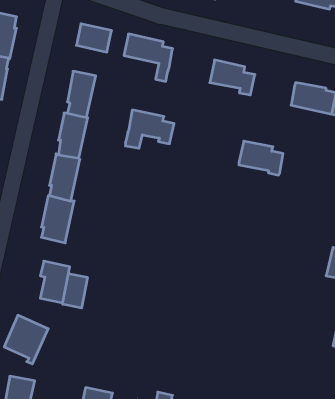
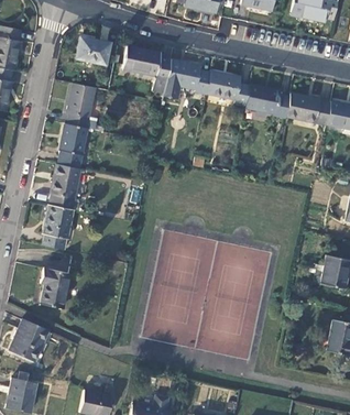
building: [125,110,174,148] -> [165,59,212,97]
building: [239,141,283,175] -> [248,84,291,117]
building: [63,273,87,308] -> none

